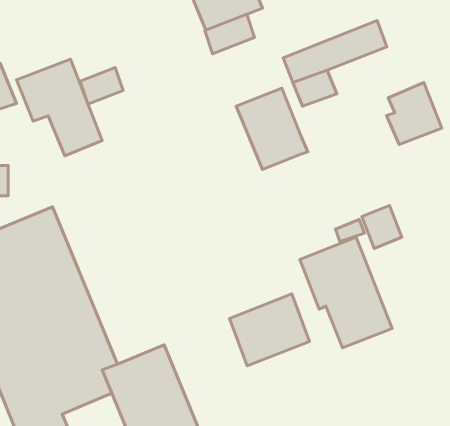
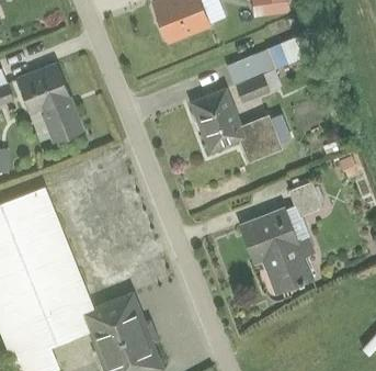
building: [205,14,254,54] -> none
building: [80,67,123,104] -> none
building: [387,82,442,145] -> [239,114,283,164]
building: [230,294,309,366] -> none

